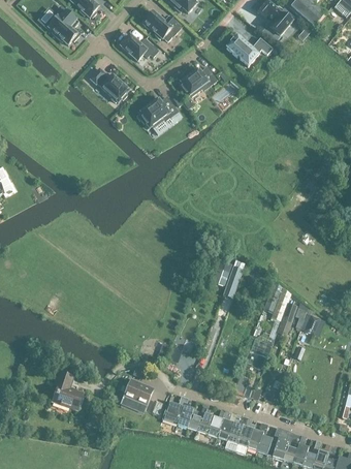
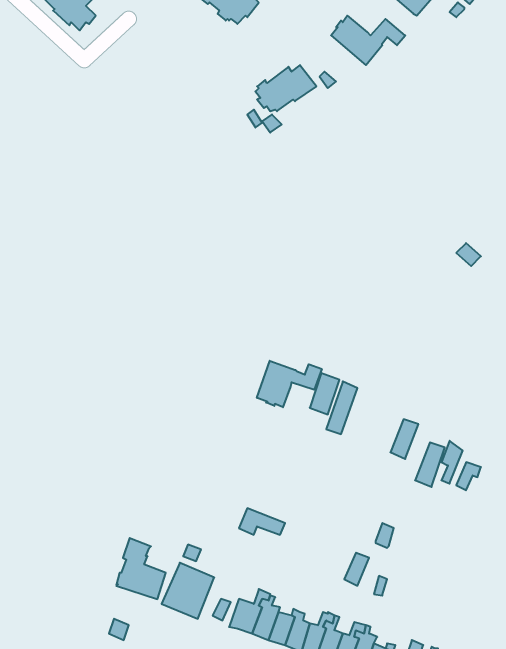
building: [120,34,158,60] -> none
building: [90,67,129,101] -> none
building: [138,96,178,127] -> none
building: none -> [257,361,322,407]
building: [52,371,83,409] -> [116,538,166,599]

